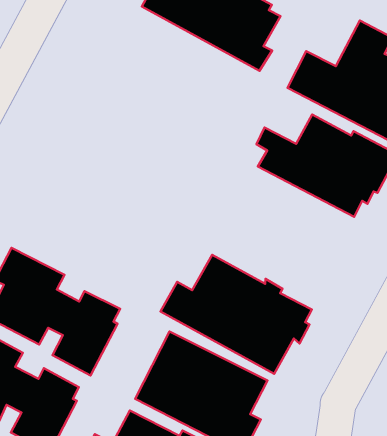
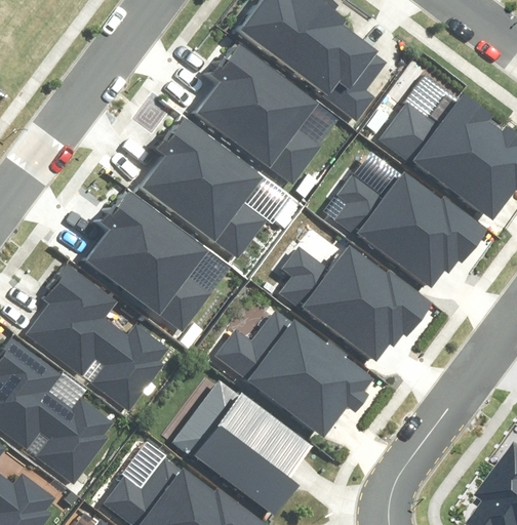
building: none -> [195,41,320,186]
building: none -> [141,114,266,259]
building: none -> [85,189,210,333]
building: none -> [284,248,431,357]

